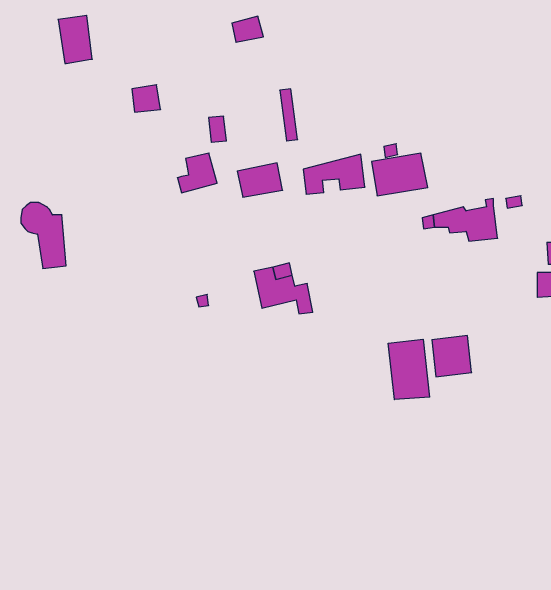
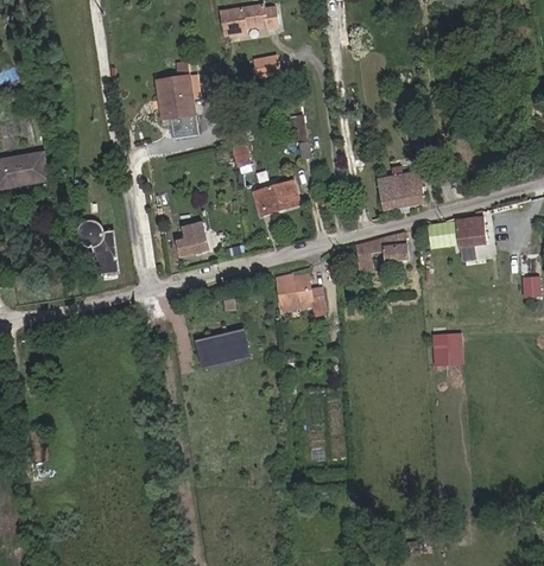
building: [58,15,92,63] -> [162,77,191,119]
building: [177,153,217,193] -> [175,222,209,256]
building: [303,154,365,194] -> [355,234,409,268]
building: none -> [196,330,249,367]
building: [388,339,430,400] -> none

